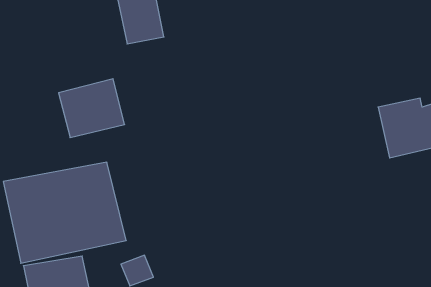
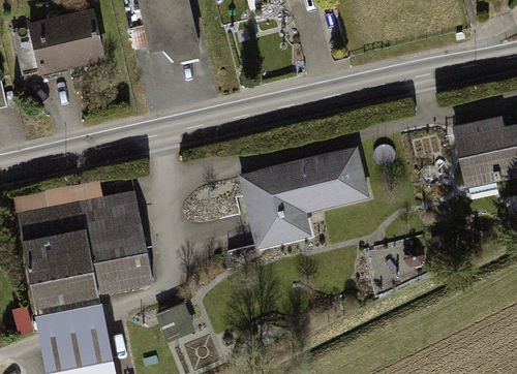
building: [59,79,125,138] -> [28,5,105,74]
building: none -> [234,148,367,250]

